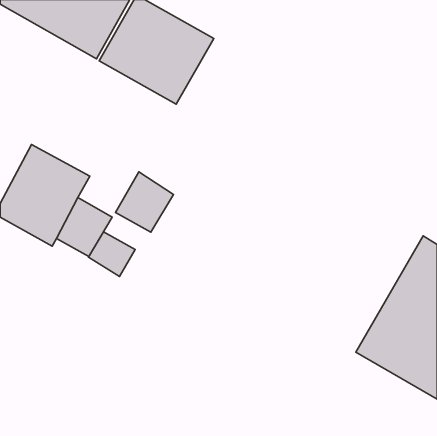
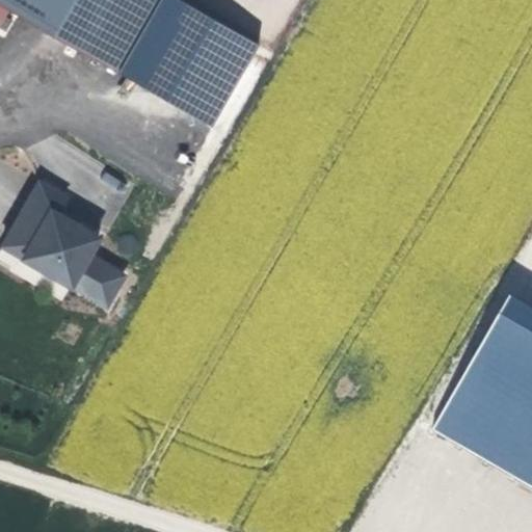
building: [116,172,173,232] -> none
building: [89,232,135,277] -> none

